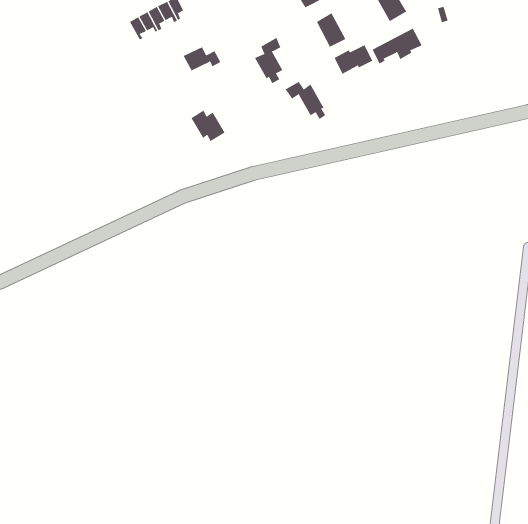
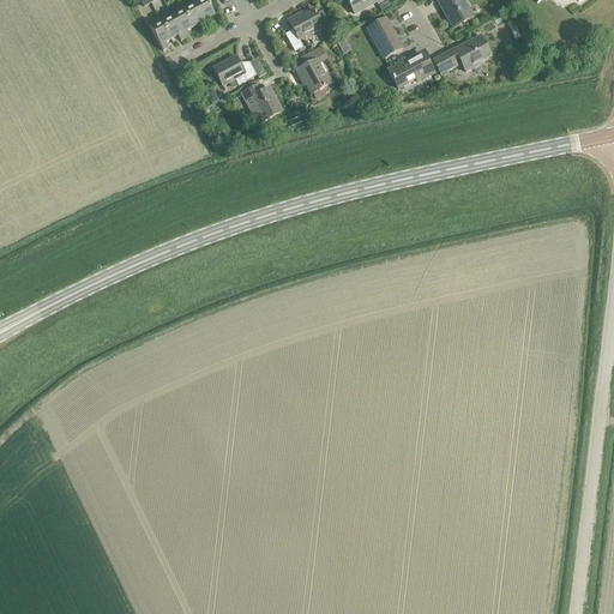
building: none -> [284,6,327,48]
building: [285,81,326,120] -> none
building: [190,110,226,142] -> [241,82,282,119]

